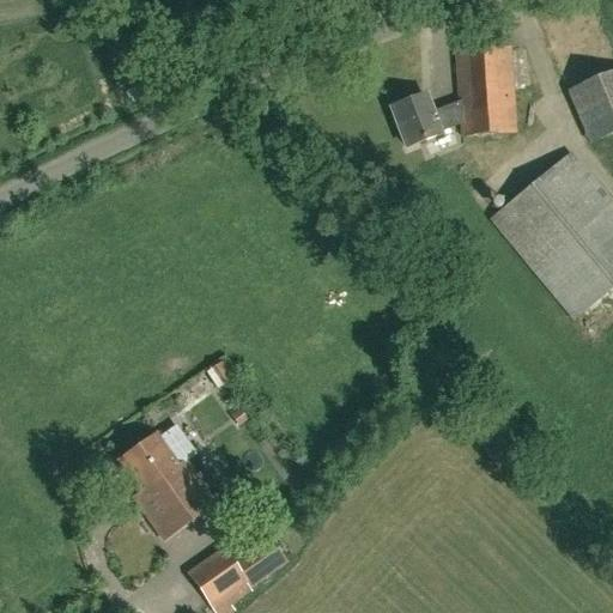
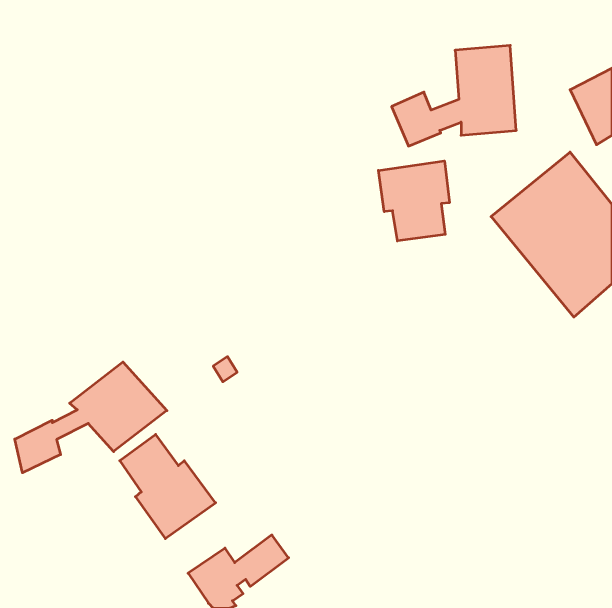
building: none -> [378,161,449,241]
building: none -> [15,362,167,473]

